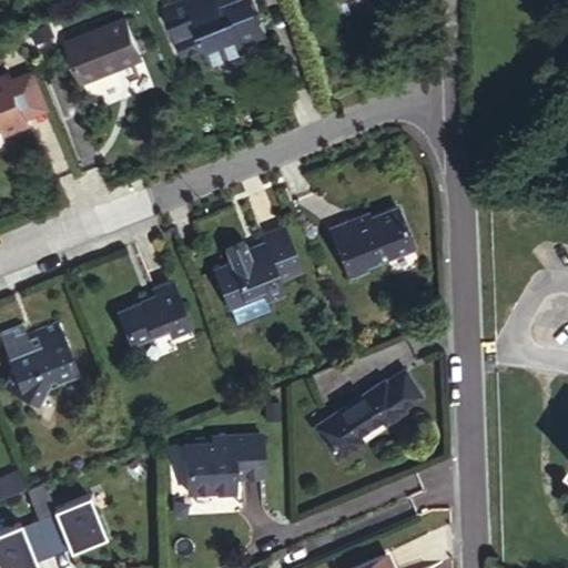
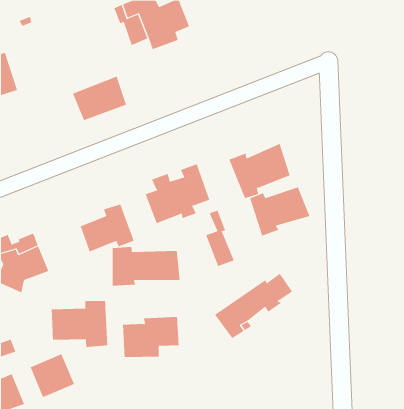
building: [69,13,144,75] -> [72,76,127,121]
building: none -> [249,186,310,237]
building: none -> [206,210,235,267]
building: none -> [112,246,180,286]
building: none -> [51,300,108,348]

